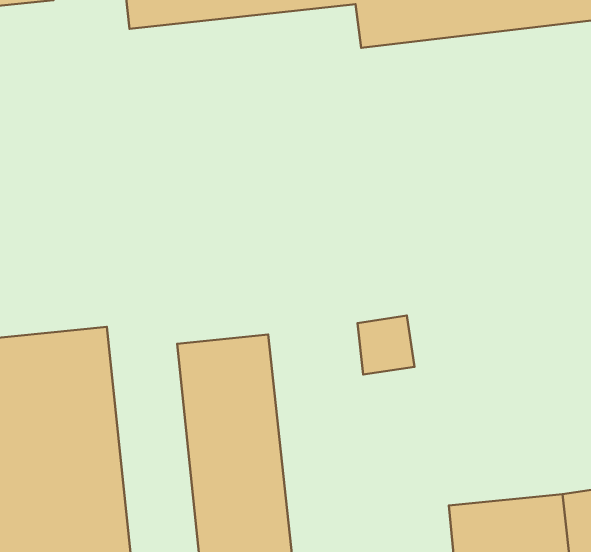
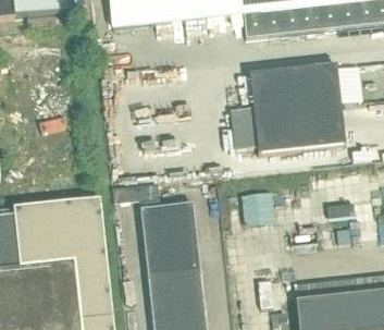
building: none -> [230,62,345,152]

